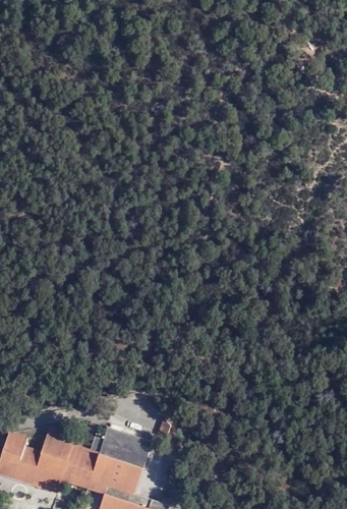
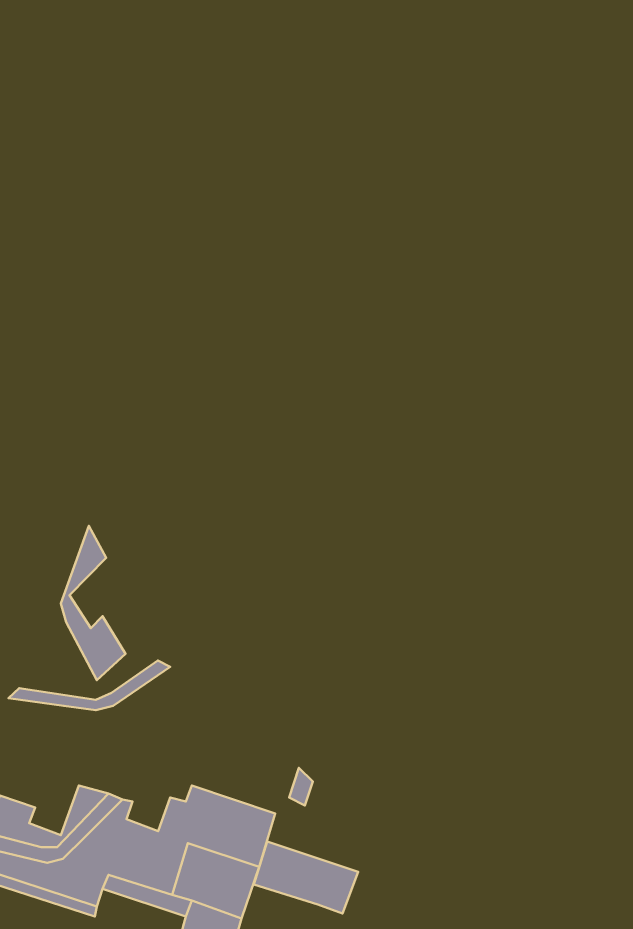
building: none -> [61,526,125,680]
building: none -> [8,660,170,710]
building: none -> [254,842,358,913]

